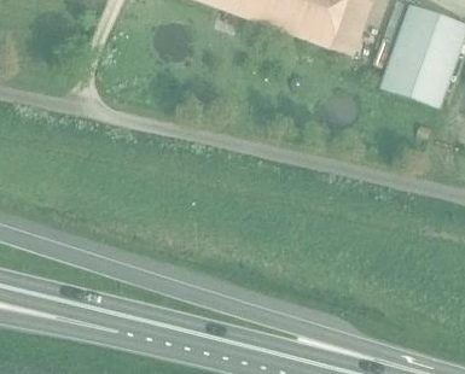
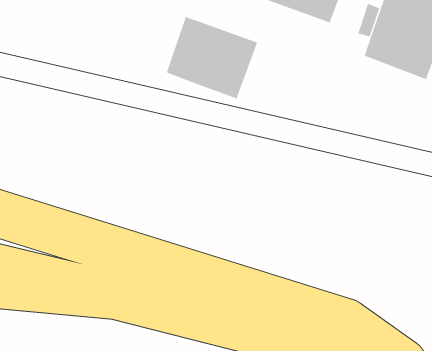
building: none -> [166,16,258,99]

